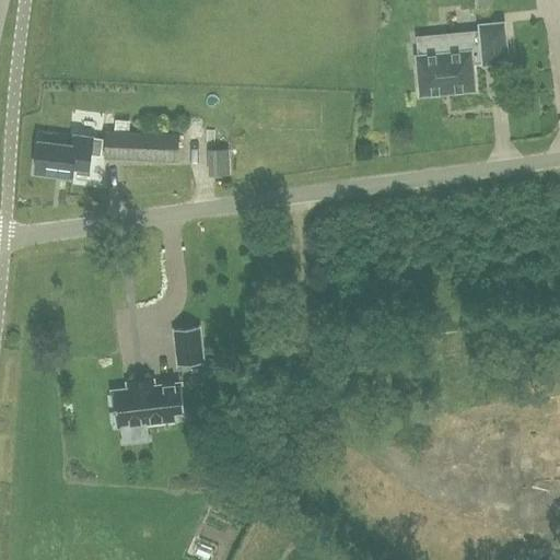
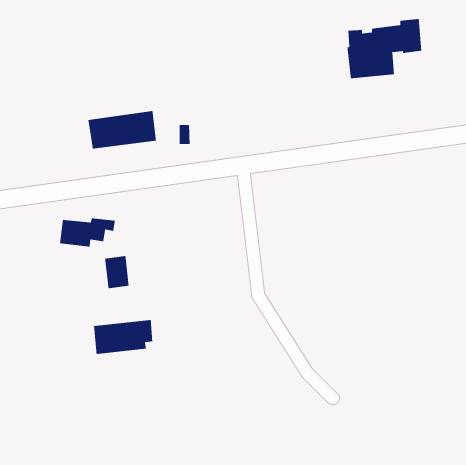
building: [35,139,103,175] -> [59,217,116,247]
building: [173,326,203,366] -> [104,255,130,289]

